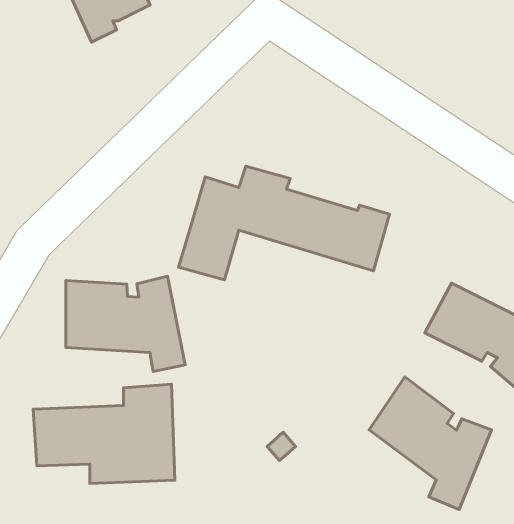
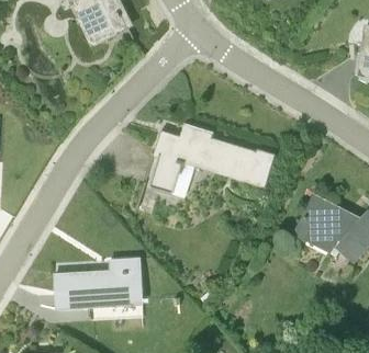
building: [66,276,185,371] -> none
building: [369,377,491,509] -> none

